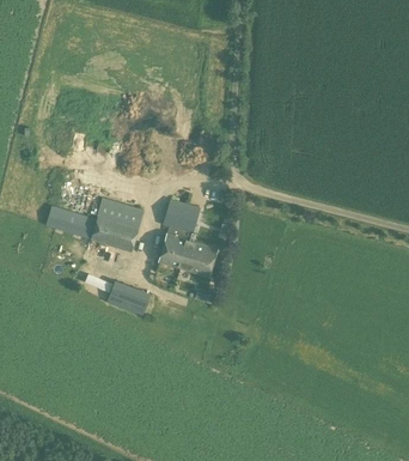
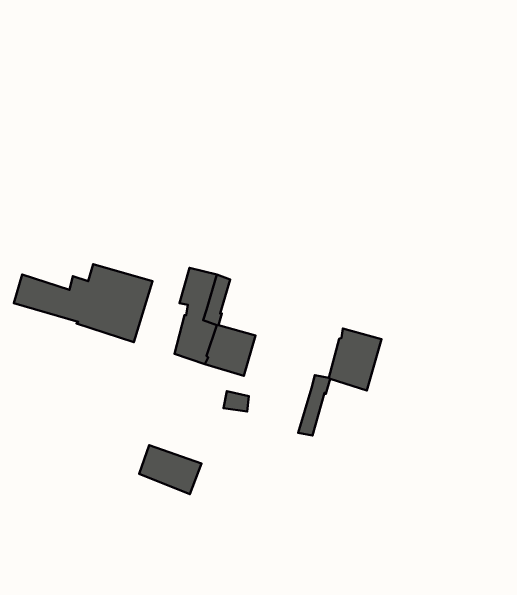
building: none -> [298,329,382,435]
building: [106,280,151,315] -> [139,445,202,494]

